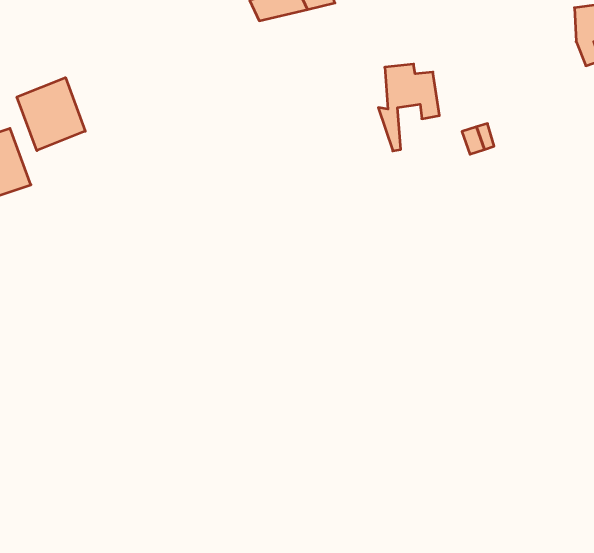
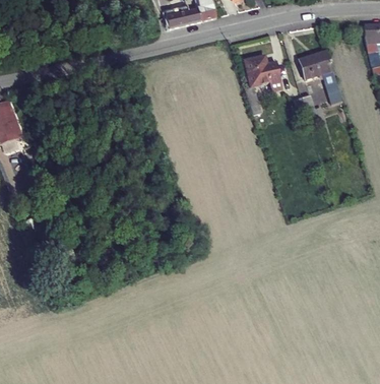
building: none -> [297,49,343,107]
building: [17,78,85,151] -> none

